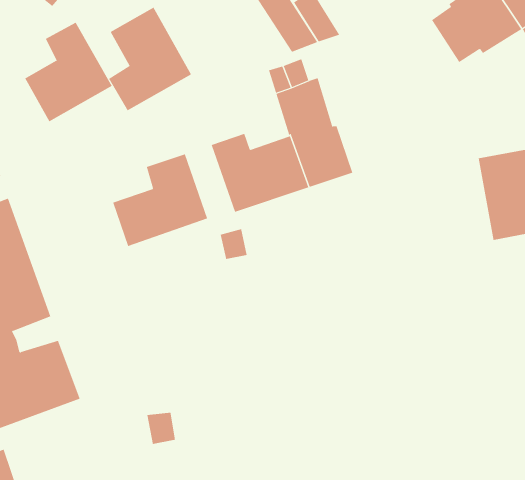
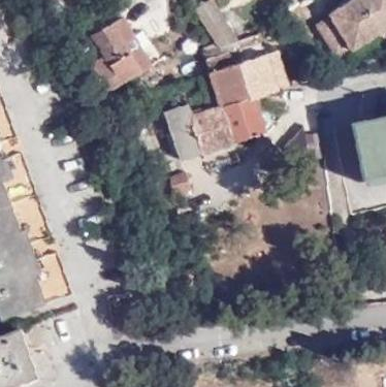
building: [24,22,112,122] -> none
building: none -> [238,58,289,101]
building: [112,154,208,247] -> none

